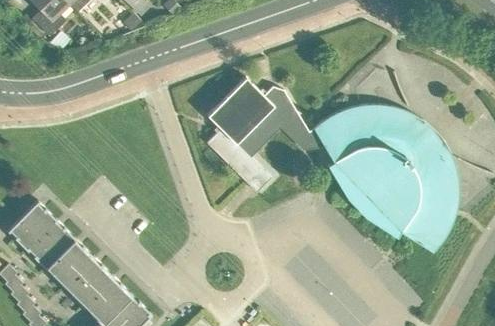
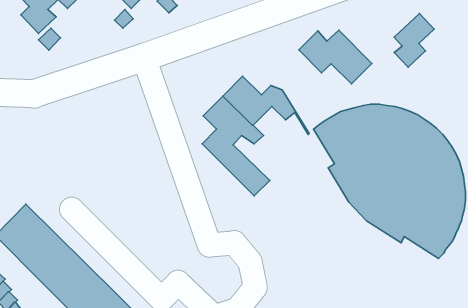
building: none -> [394,14,434,67]
building: none -> [299,30,372,84]

